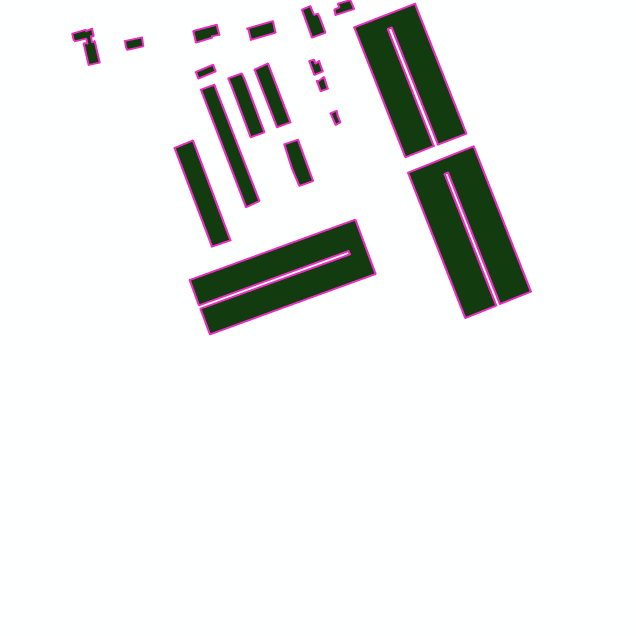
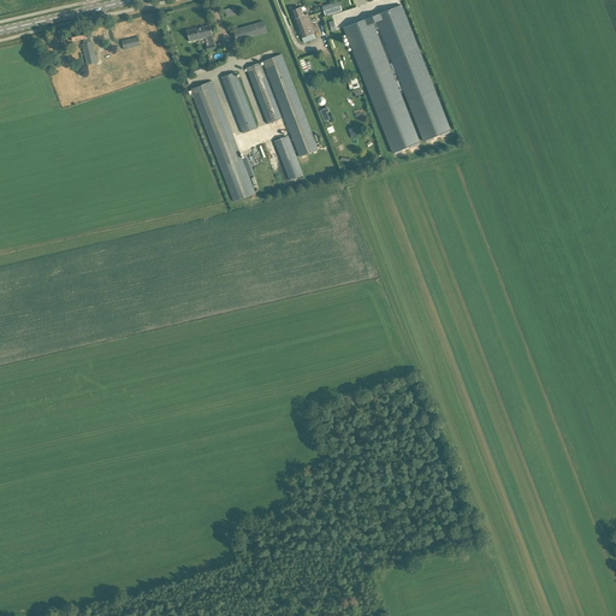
building: [174,141,231,247] -> [262,53,316,155]
building: [408,146,531,318] -> none
building: [190,220,375,334] -> none

